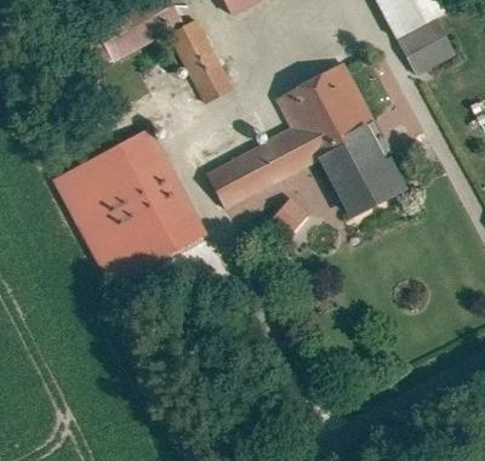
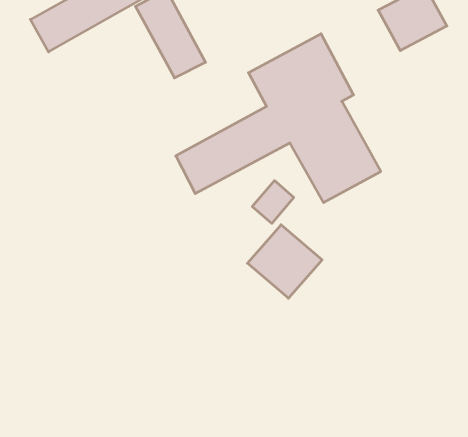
building: [53,129,206,285] -> none
building: none -> [247,225,322,298]

